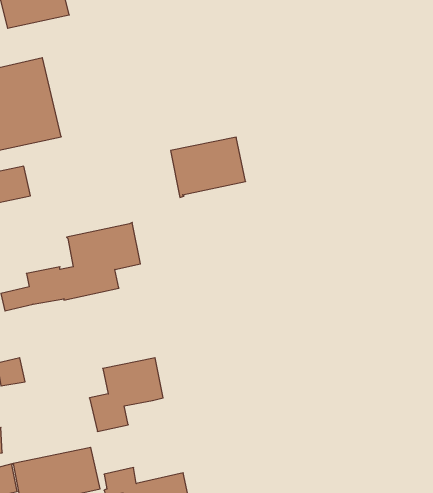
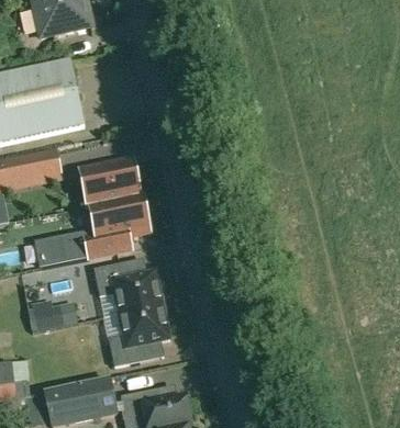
building: [171,137,246,197] -> [79,159,141,209]
building: none -> [93,262,162,314]

